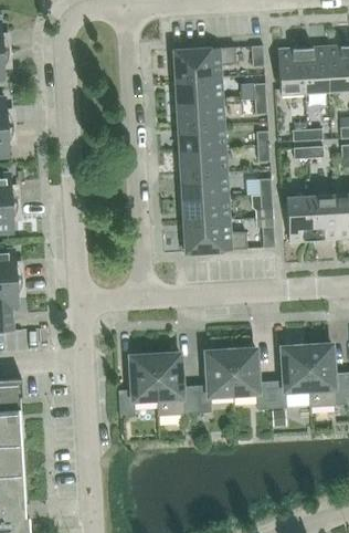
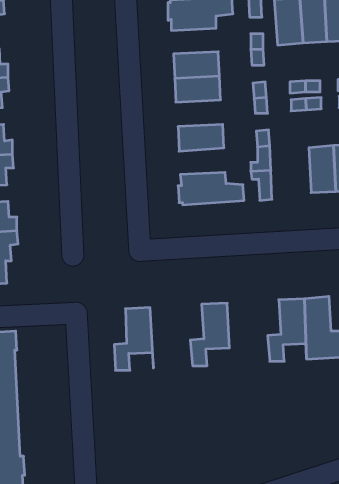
building: [174,79,221,104] -> none
building: [179,149,225,176] -> none
building: [182,197,228,223] -> none
building: [285,197,313,242] -> none
building: [230,348,272,409] -> none
building: [154,353,195,415] -> none

